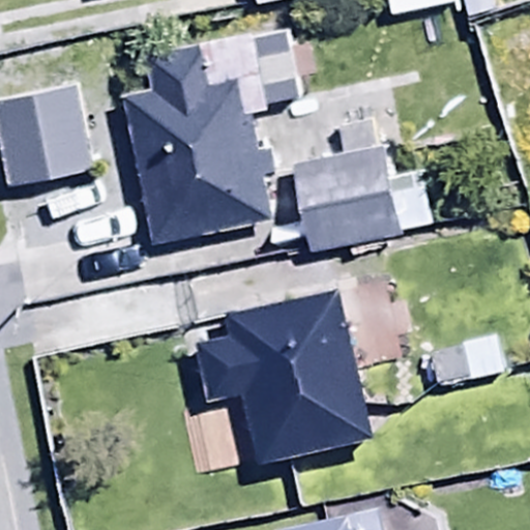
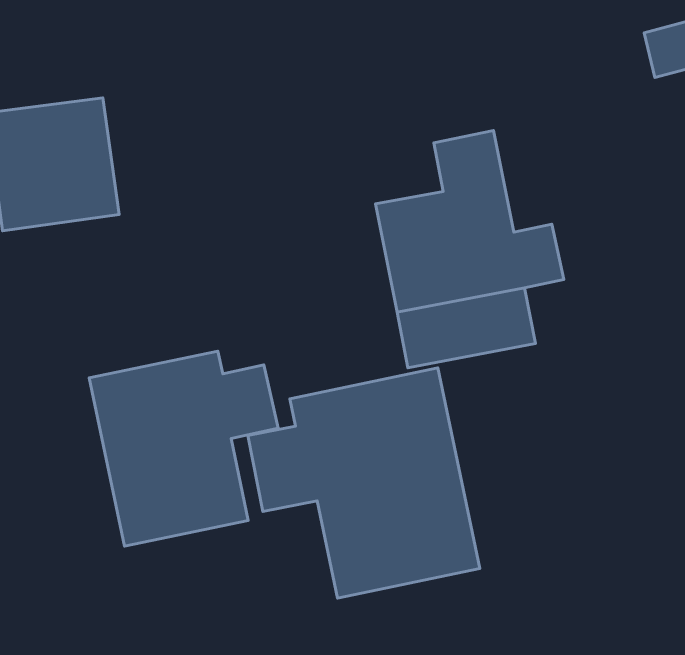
building: [123,45,273,244] -> none
building: none -> [89,351,278,546]

